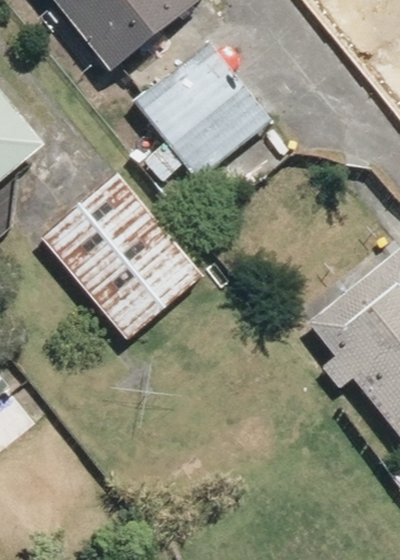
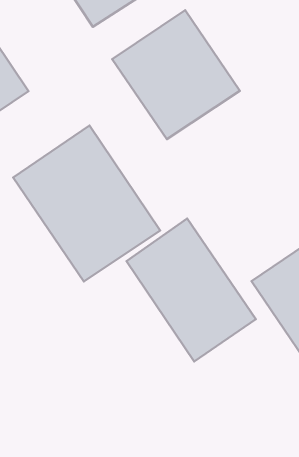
building: none -> [127,218,256,362]

